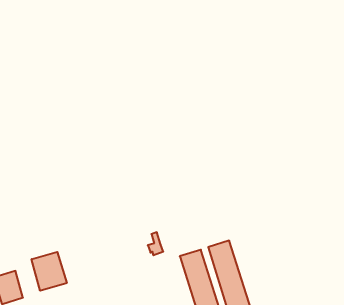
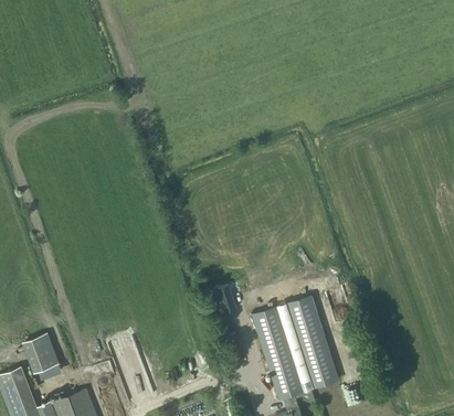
building: [32,252,67,291] -> none

